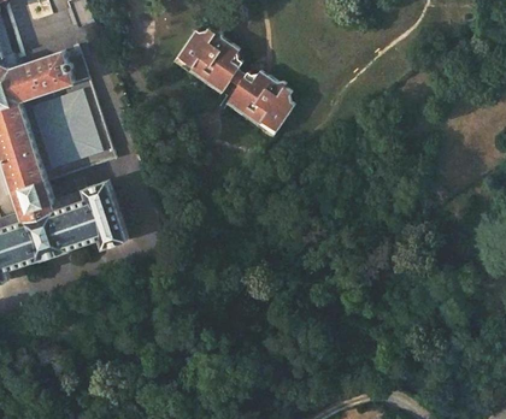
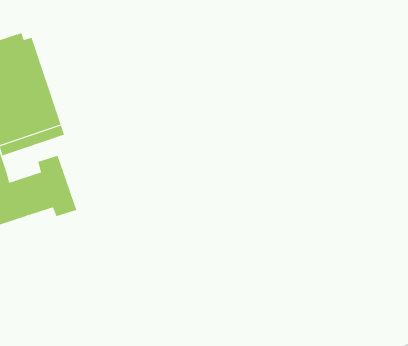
building: [171,26,241,93] -> none
building: [223,70,293,135] -> none

